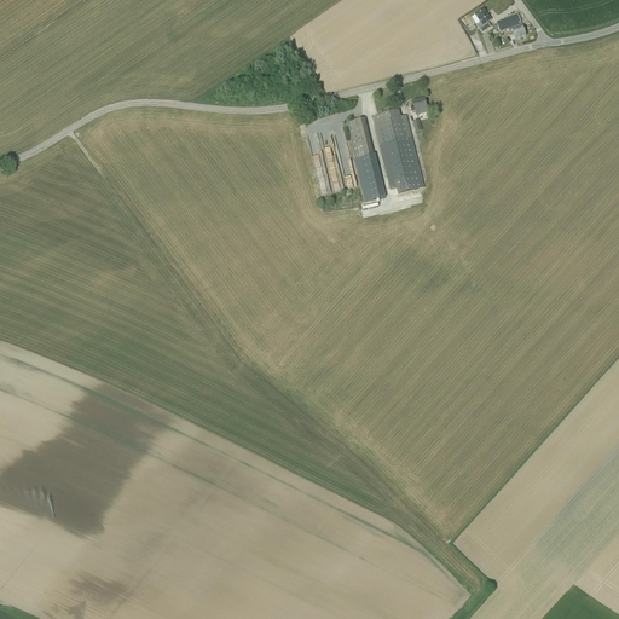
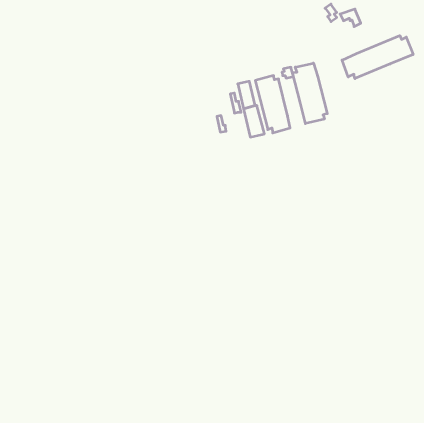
building: none -> [342,36,413,79]
building: none -> [292,63,327,124]

